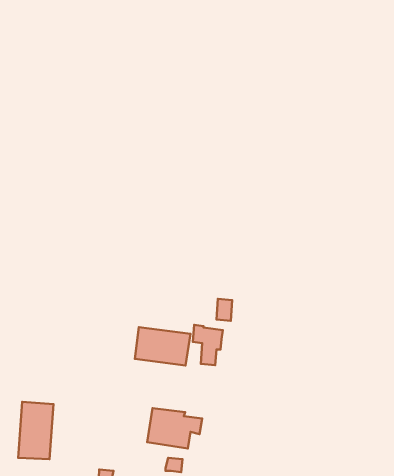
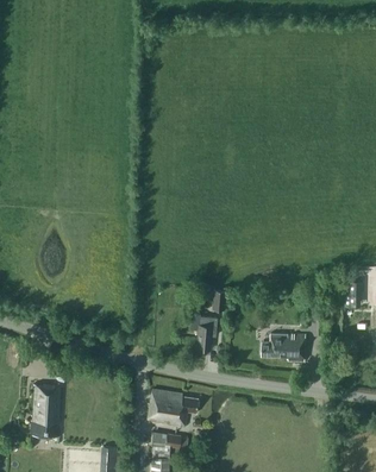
building: [135,327,191,365] -> none
building: none -> [262,333,306,360]

